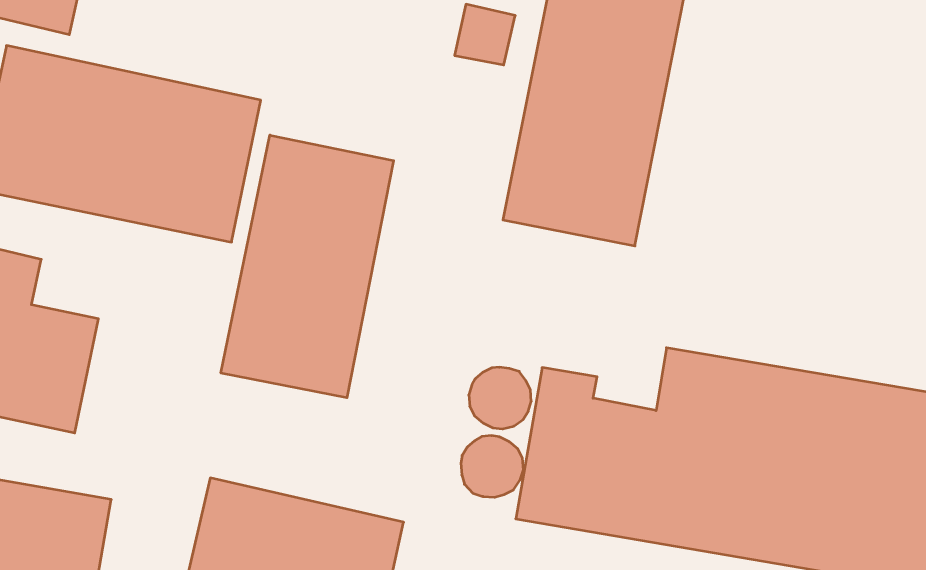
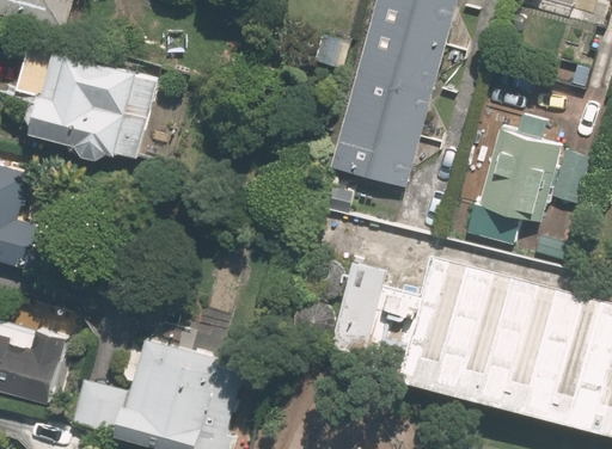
building: none -> [469,112,583,248]
building: [221,135,394,398] -> none

